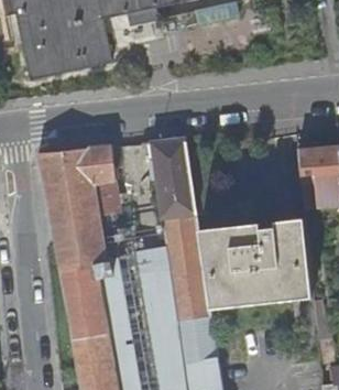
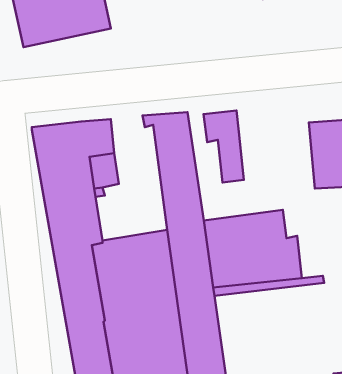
building: [274,227,311,294] -> [204,110,244,182]

